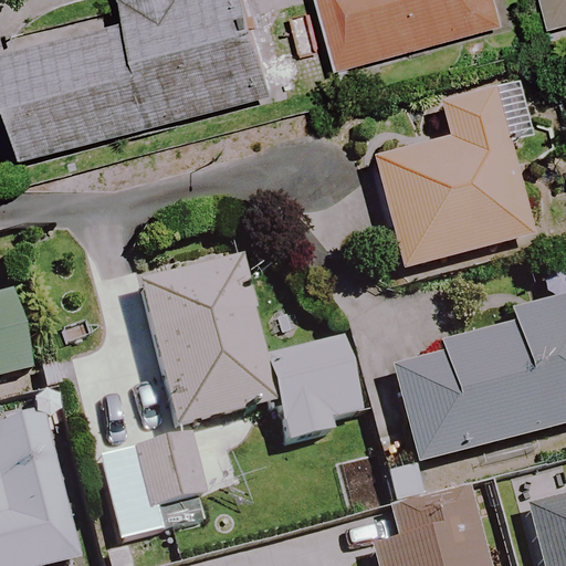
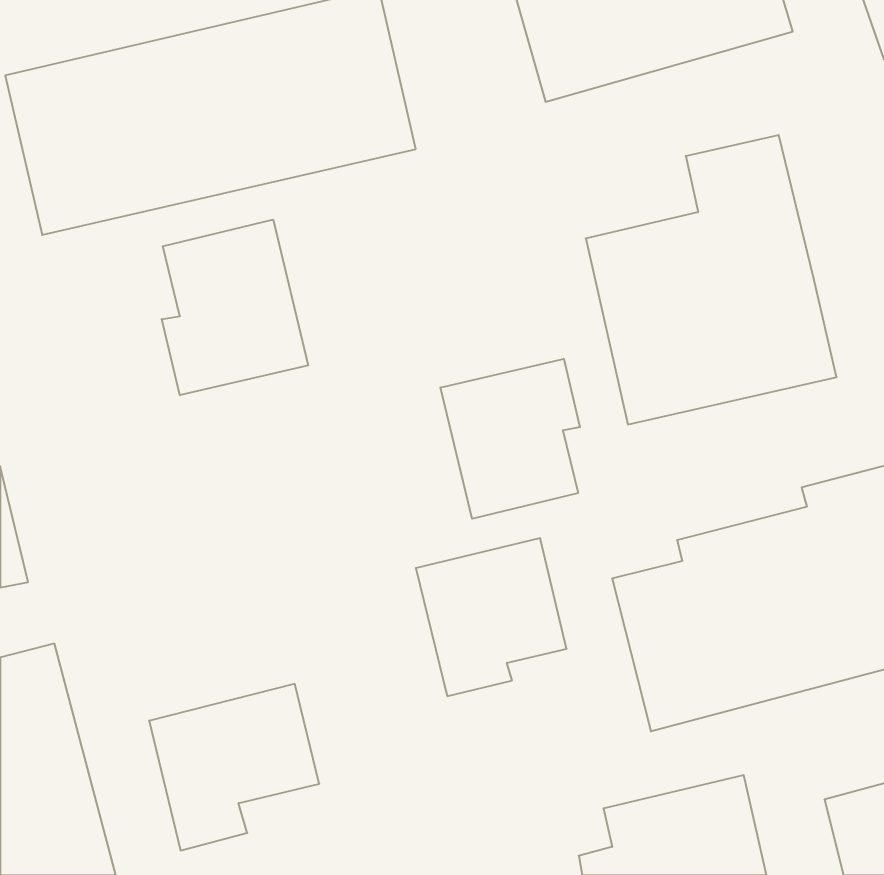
building: none -> [162,220,308,395]
building: none -> [440,359,580,519]
building: [137,253,270,423] -> none

